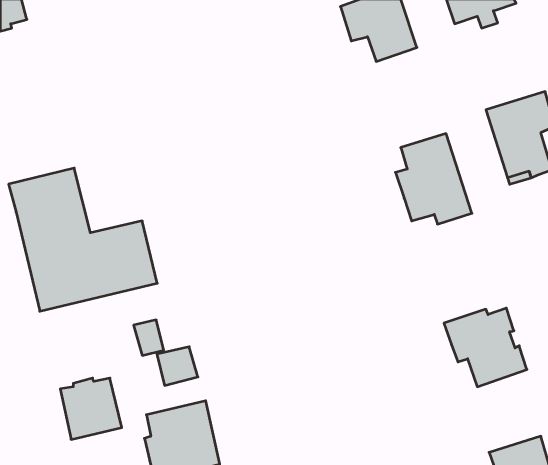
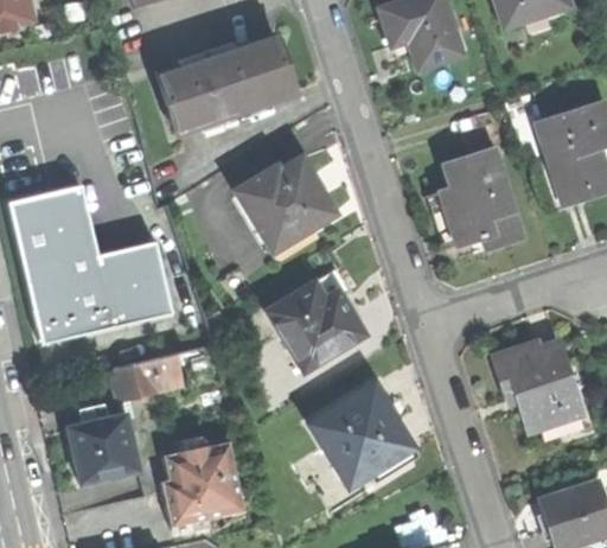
building: none -> [156,37,294,132]
building: none -> [234,157,334,251]
building: none -> [266,268,364,371]
building: [157,347,198,385] -> [114,359,159,402]
building: none -> [309,387,409,485]

